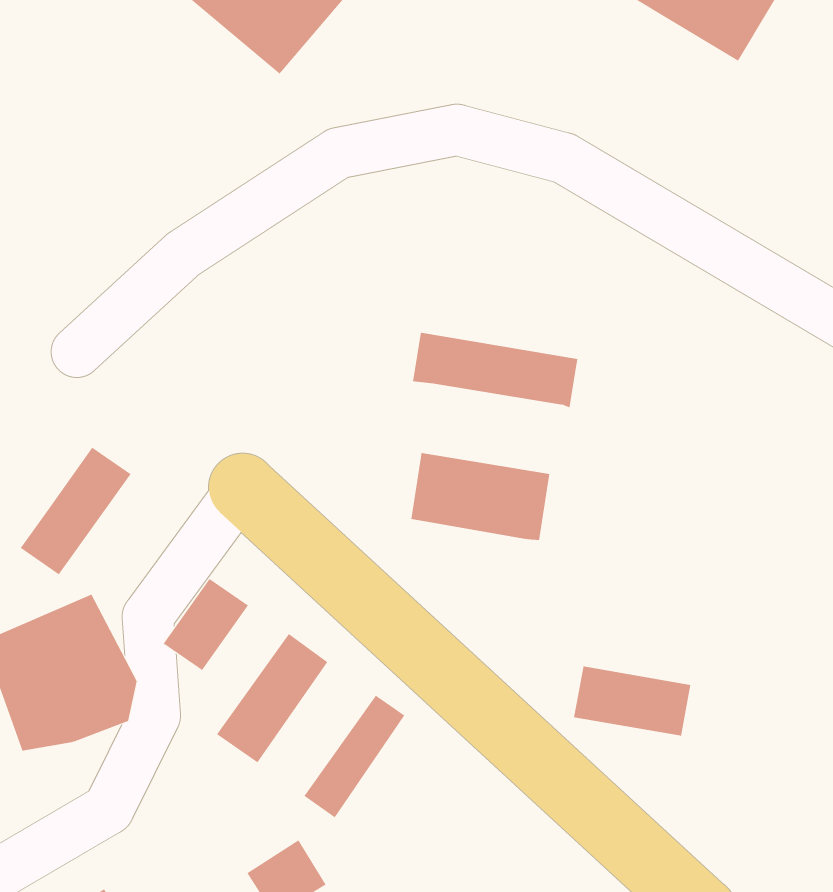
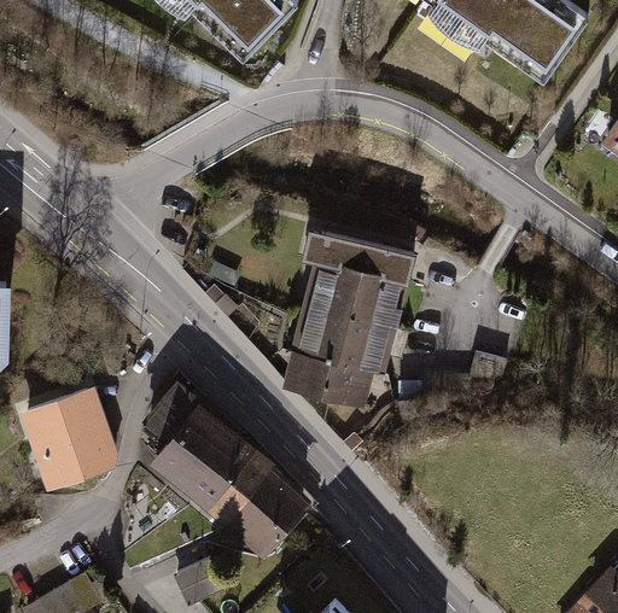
building: none -> [310,267,403,329]
building: [20,447,131,575] -> [142,401,217,481]
building: none -> [192,440,270,525]
building: [573,666,691,736] -> [297,354,374,403]
building: none -> [239,478,307,555]

